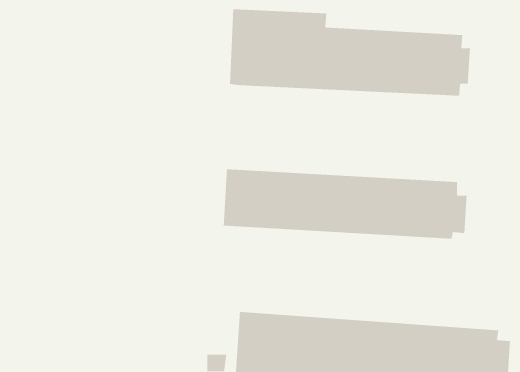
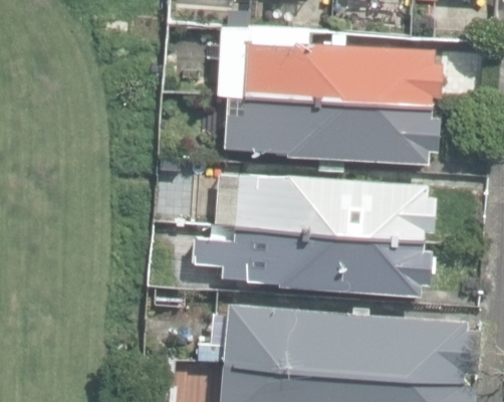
building: none -> [224,96,439,172]
building: none -> [193,228,431,296]

